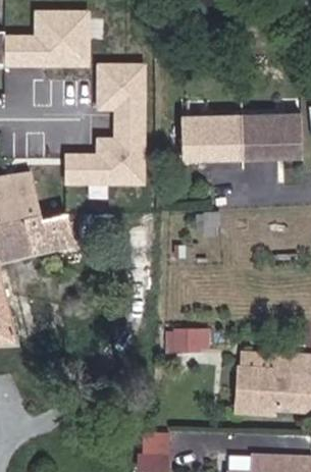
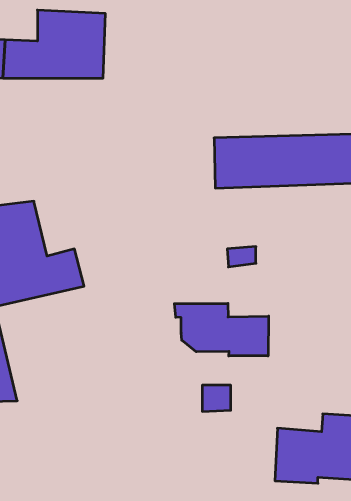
building: [65,64,148,186] -> none
building: none -> [174,303,269,356]

